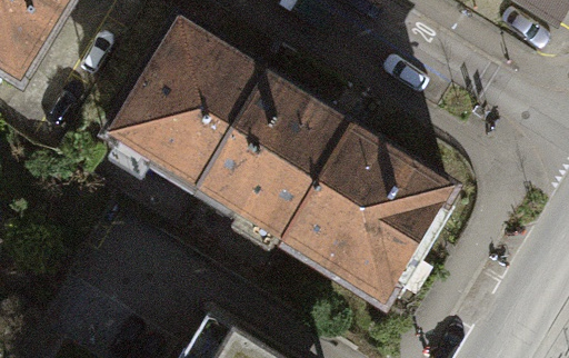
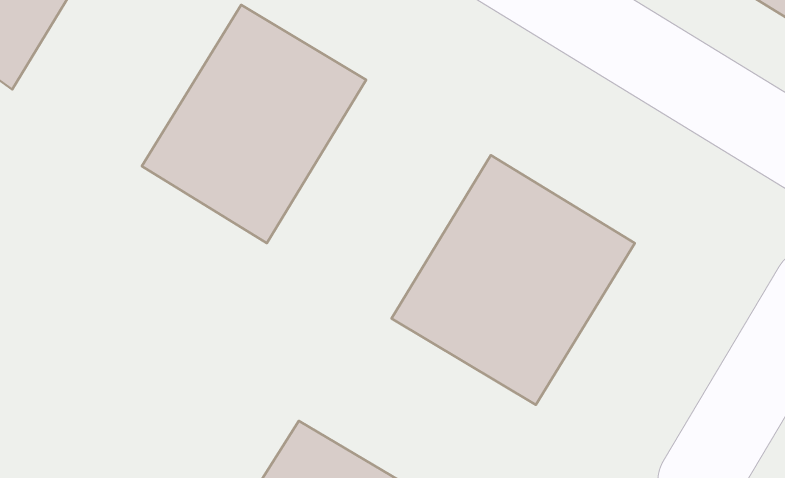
building: [194,71,350,237] -> none

